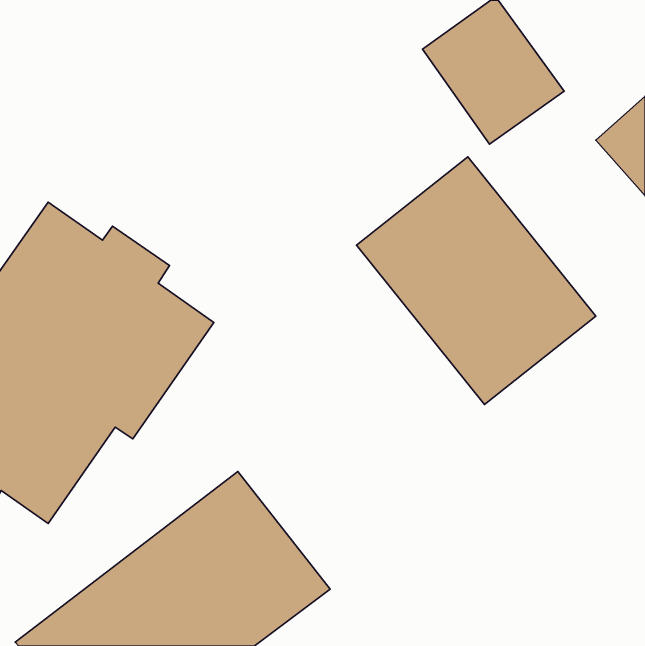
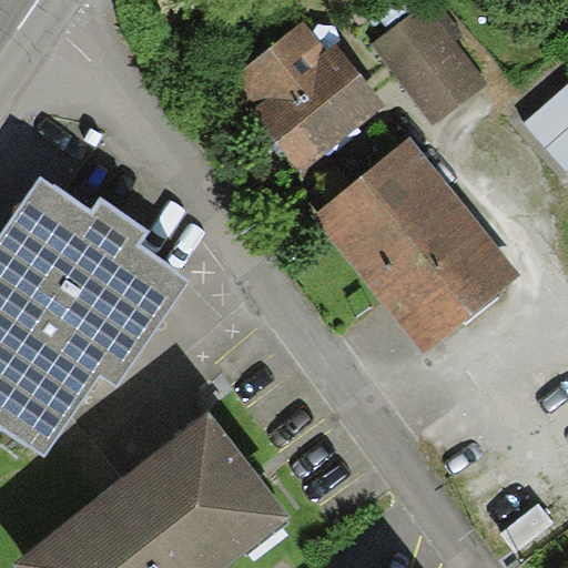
building: none -> [233,20,386,178]

